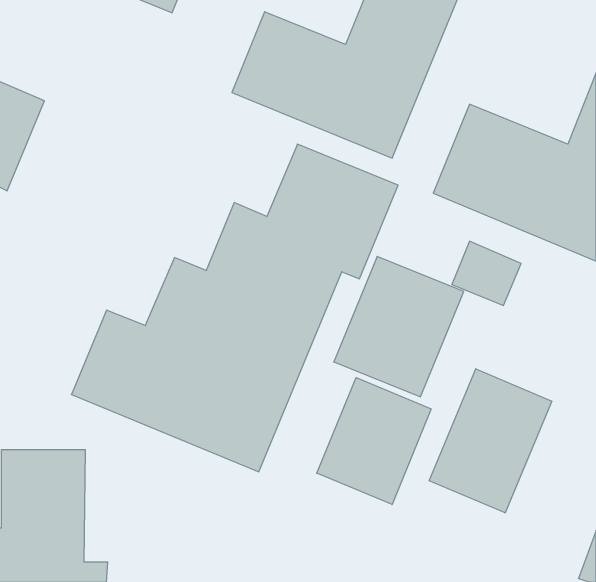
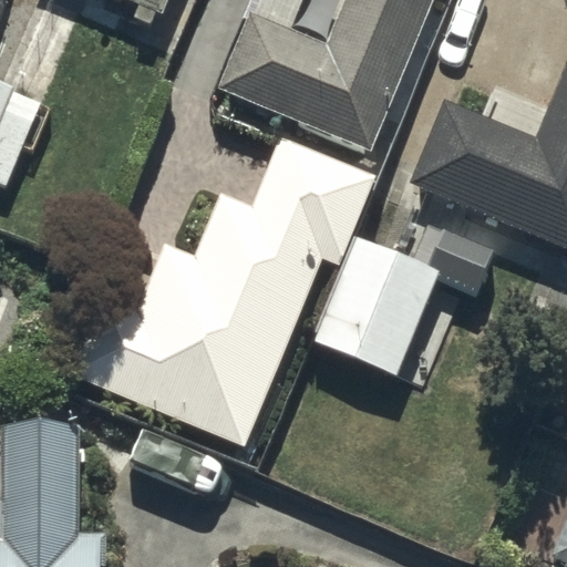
building: [429,369,552,513] -> none
building: [317,378,431,505] -> none

